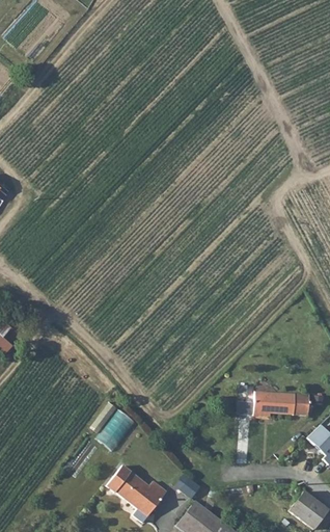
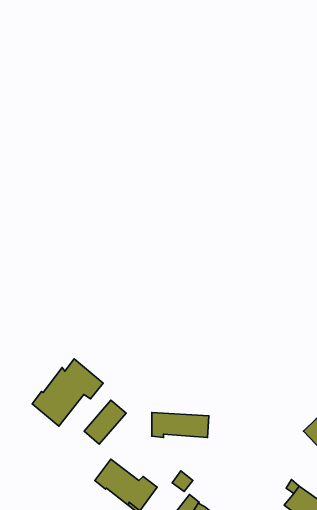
building: none -> [32,359,103,426]
building: [255,392,310,416] -> [152,413,209,437]

